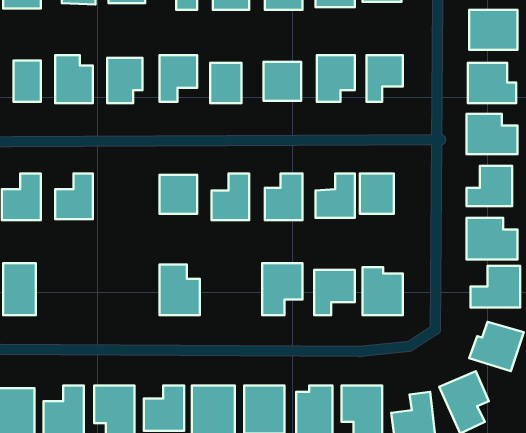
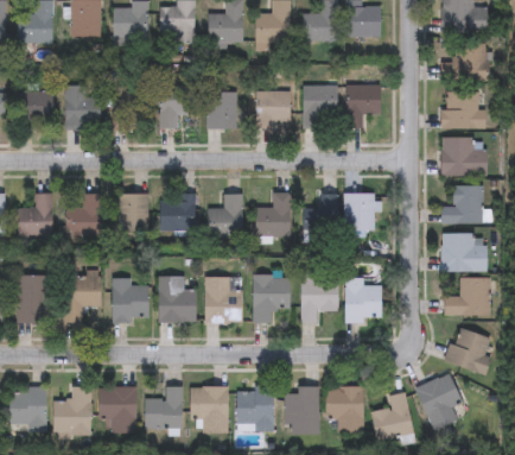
building: none -> [117,192,147,232]
building: none -> [65,273,102,322]
building: none -> [114,278,151,322]
building: none -> [205,278,242,322]

